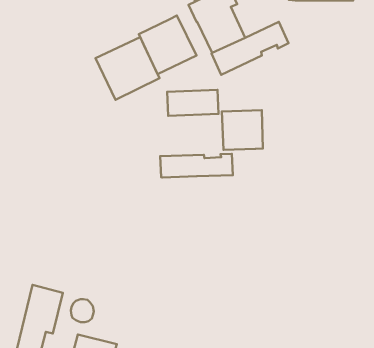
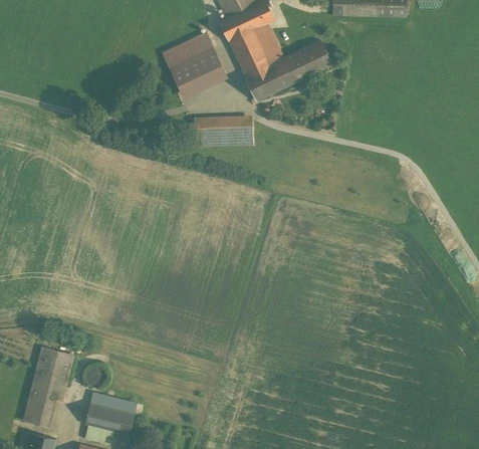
building: [96,37,159,100] -> none
building: [222,110,263,150] -> none
building: [160,154,233,178] -> none

